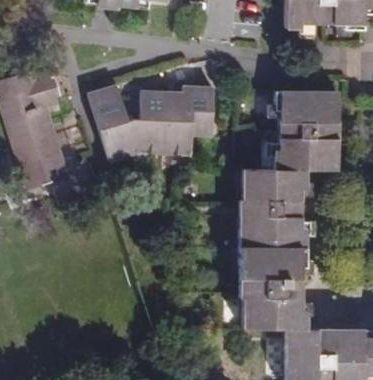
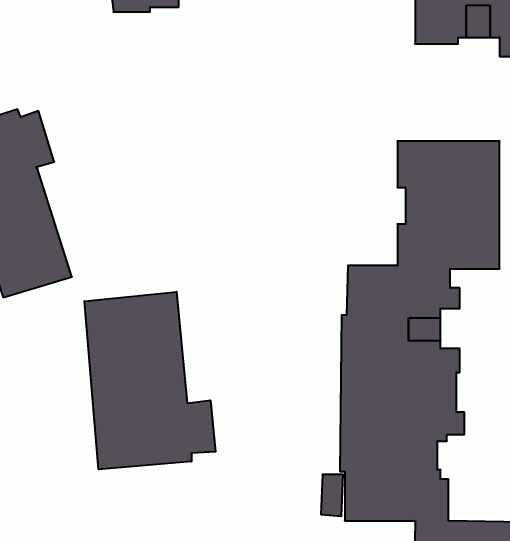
building: [88,83,214,161] -> none
building: none -> [84,292,216,469]

